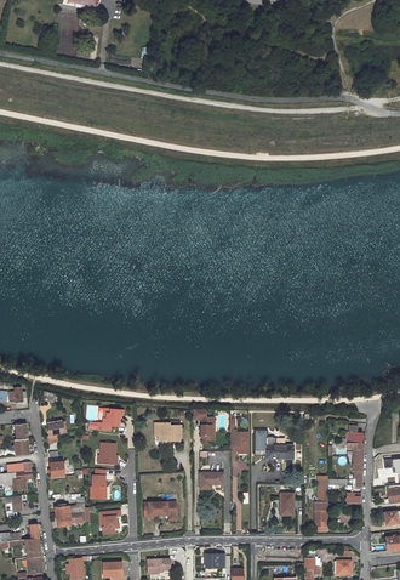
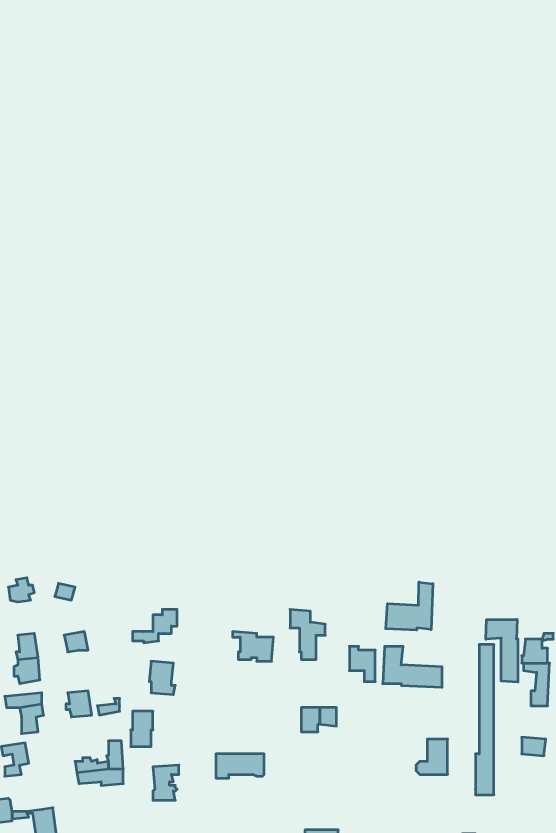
building: none -> [386,582,433,630]
building: none -> [486,619,518,682]

